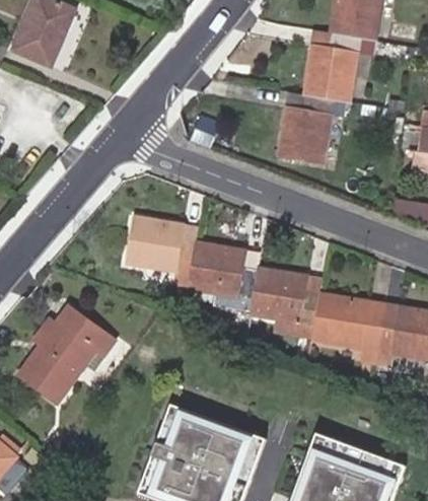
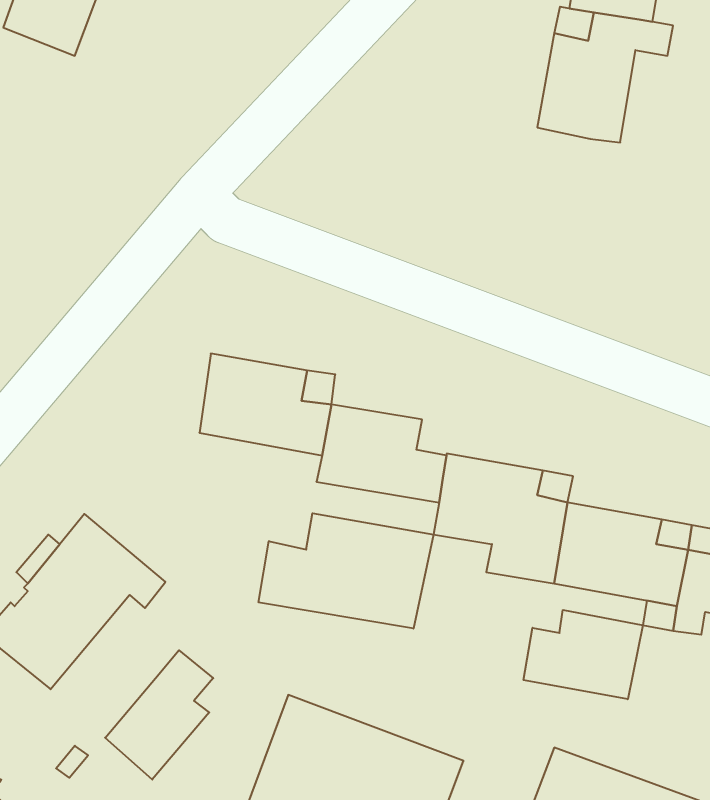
building: [278,96,334,166] -> none
building: none -> [259,513,433,629]
building: none -> [524,610,643,699]
building: none -> [105,650,213,780]

